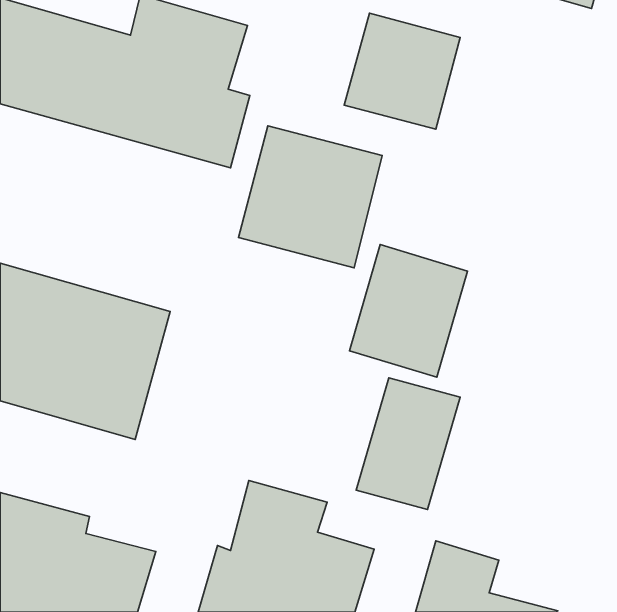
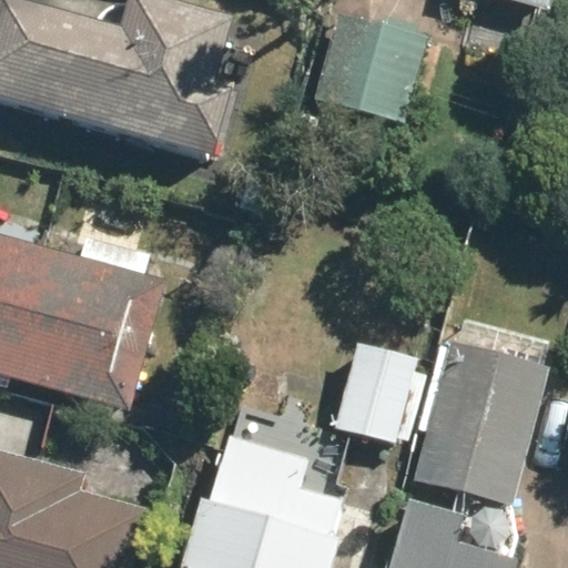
building: [238,126,382,268] -> none
building: [349,245,468,377] -> none
building: none -> [415,322,546,503]

